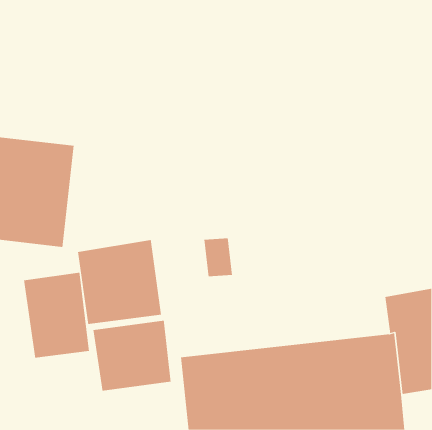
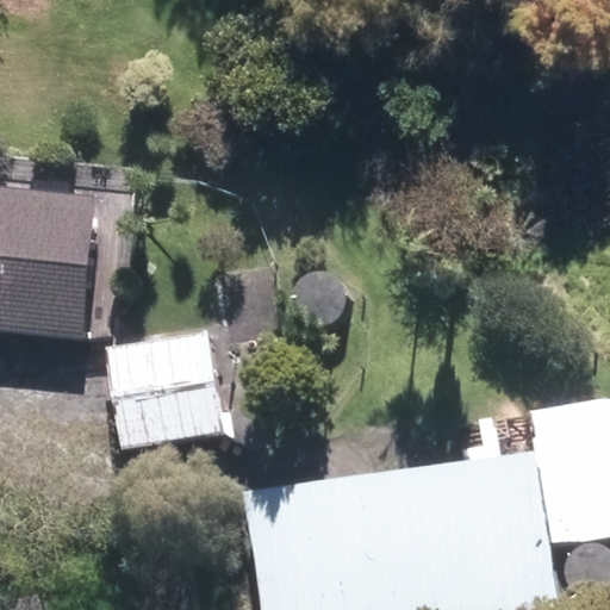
building: [23,272,90,359] -> none
building: [93,320,171,391] -> none

